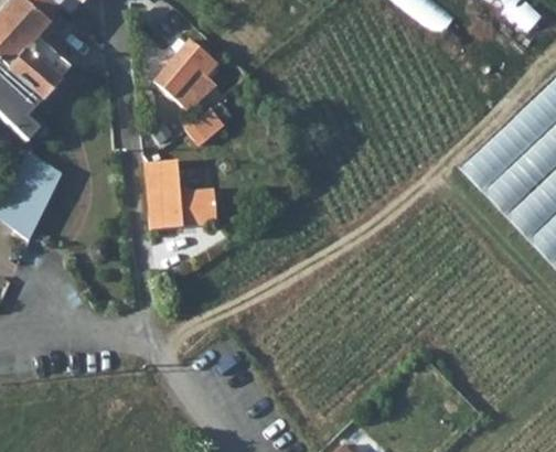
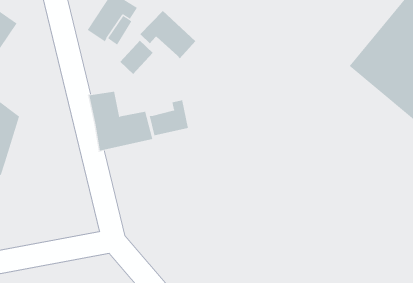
building: none -> [139,10,196,59]
building: none -> [149,100,189,136]

